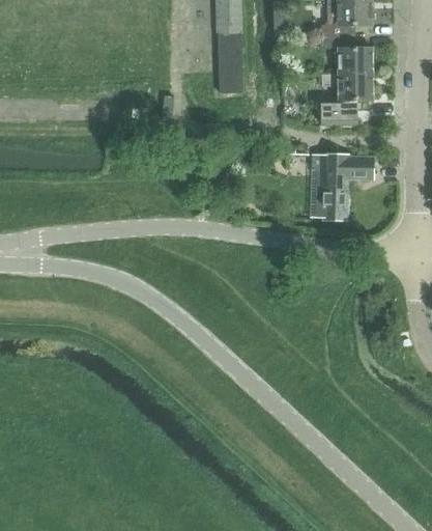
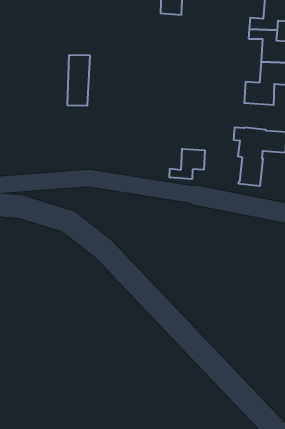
building: [217,32,242,92] -> [67,55,90,106]
building: none -> [169,149,205,179]

